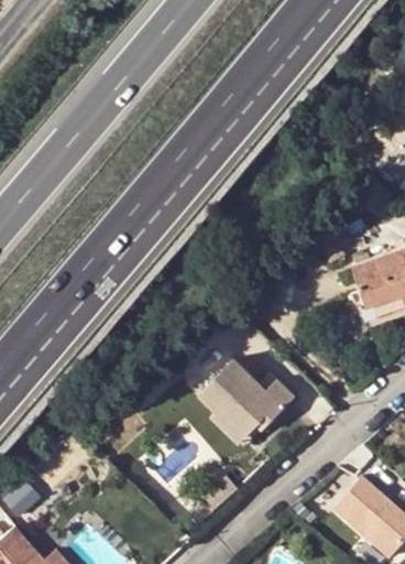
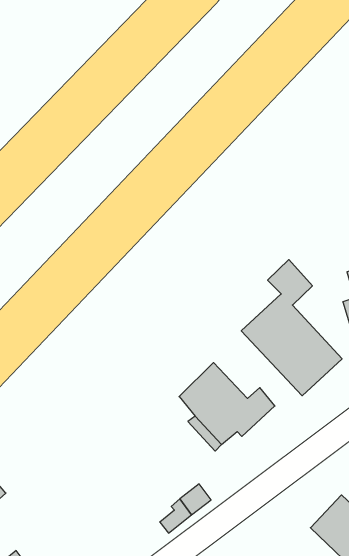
building: none -> [241,260,342,396]

